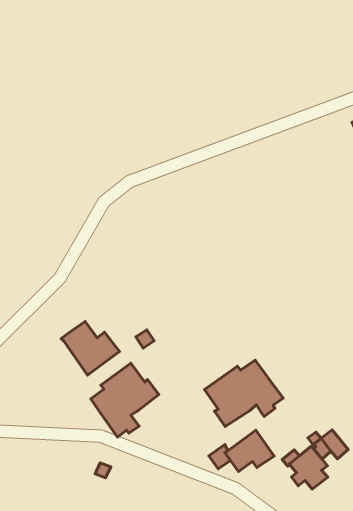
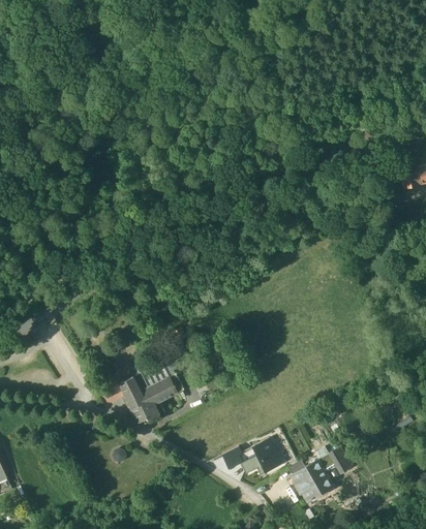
building: [61,322,119,375] -> none
building: [204,360,283,427] -> none

